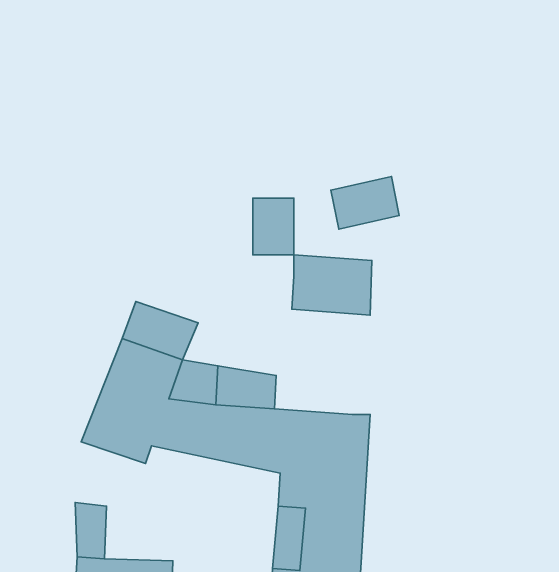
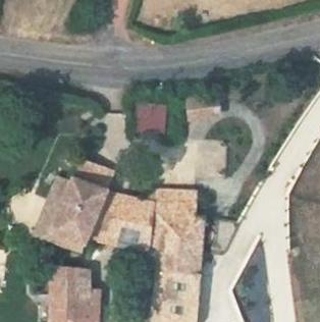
building: [292,255,372,315] -> [153,186,195,218]

